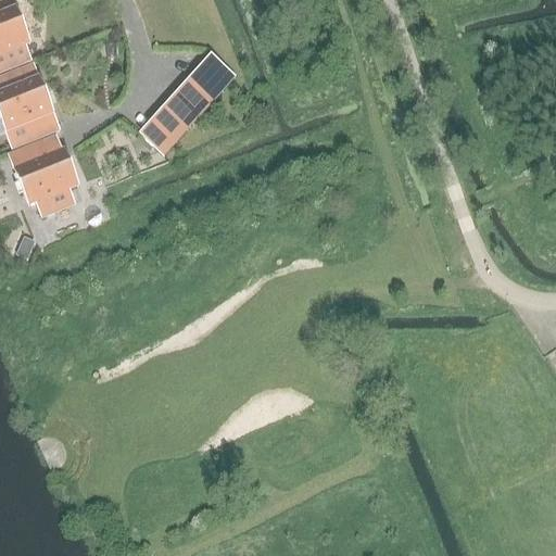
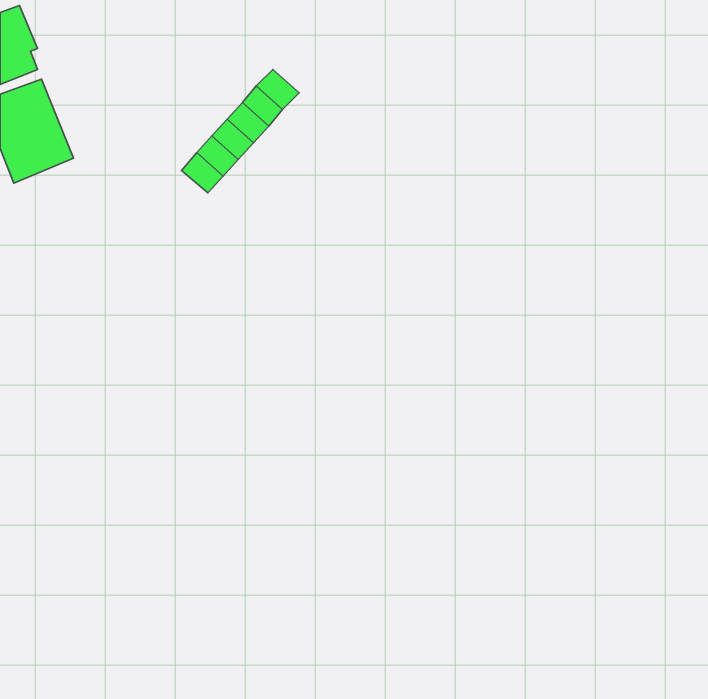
building: [9,134,77,212] -> none

